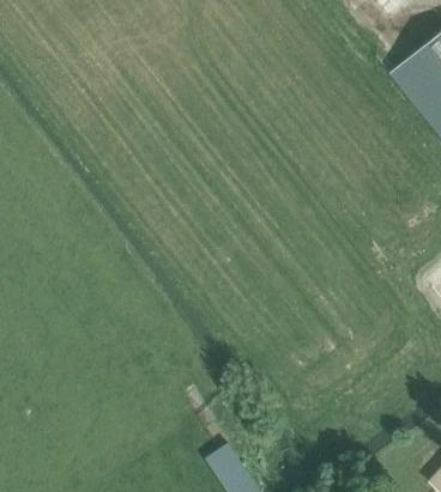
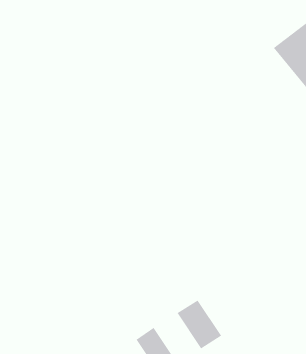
building: none -> [176,299,222,350]

